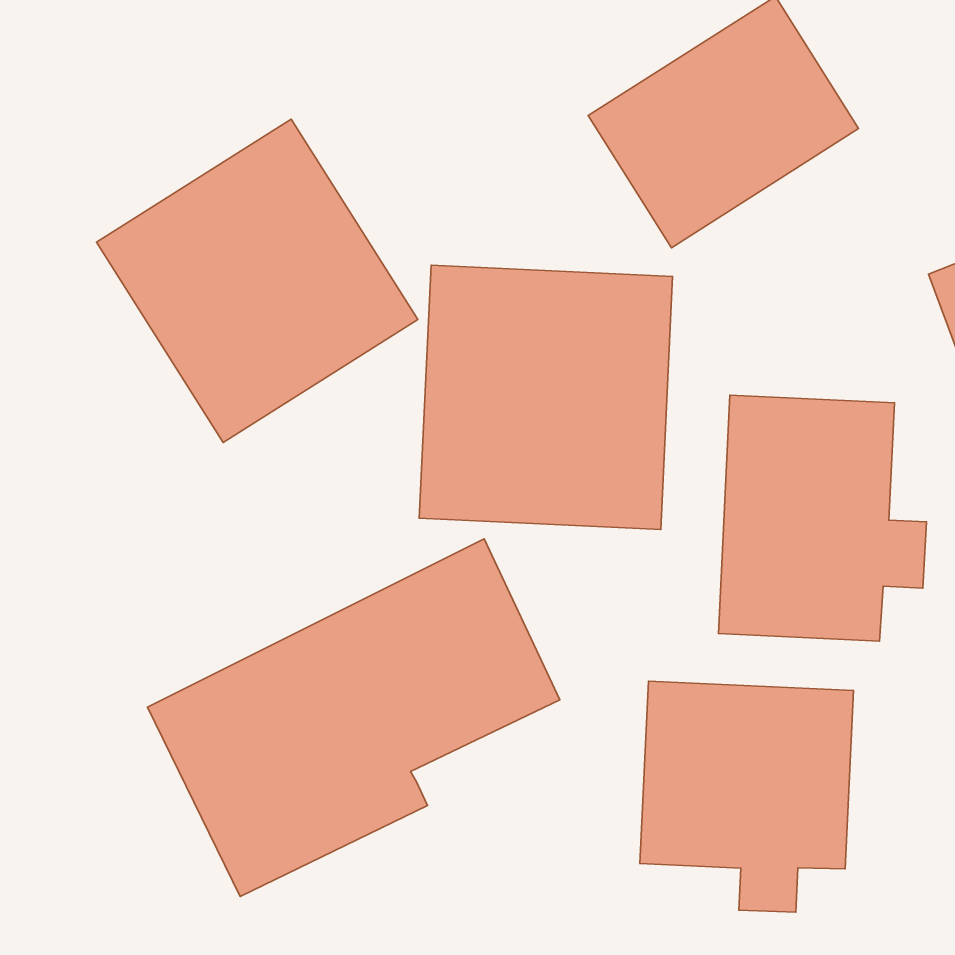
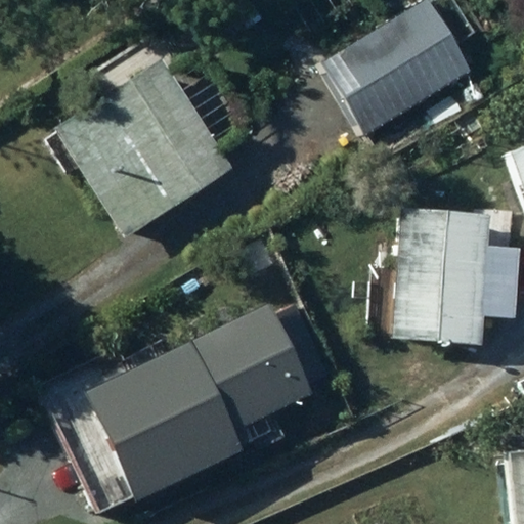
building: [419,265,672,529] -> none
building: [640,681,854,912] -> none

